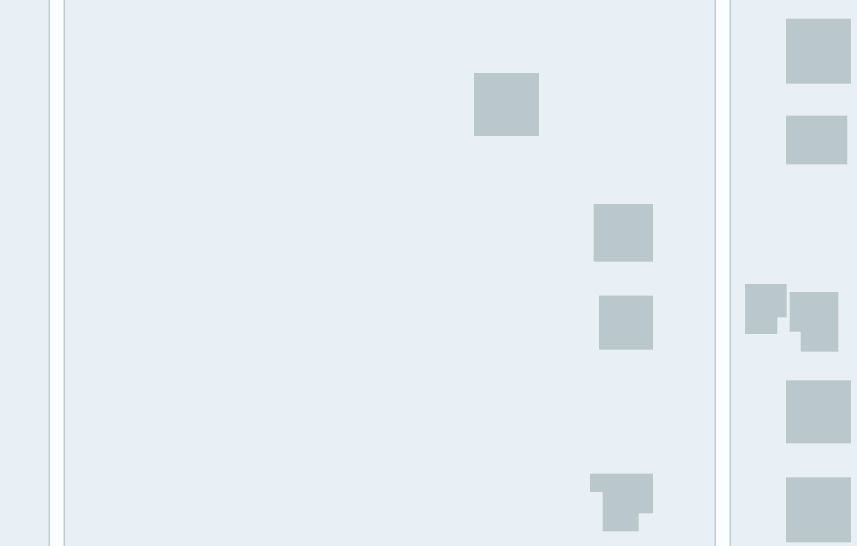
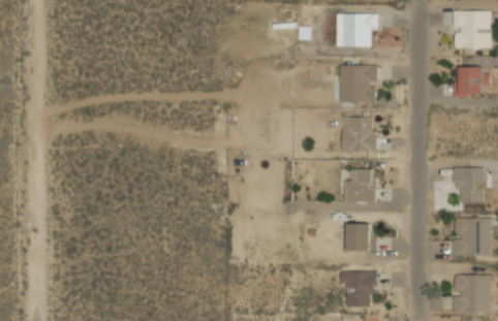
building: none -> [342,14,377,46]
building: [473,72,540,137] -> [339,66,377,103]
building: [744,283,787,335] -> none
building: none -> [348,225,376,252]

